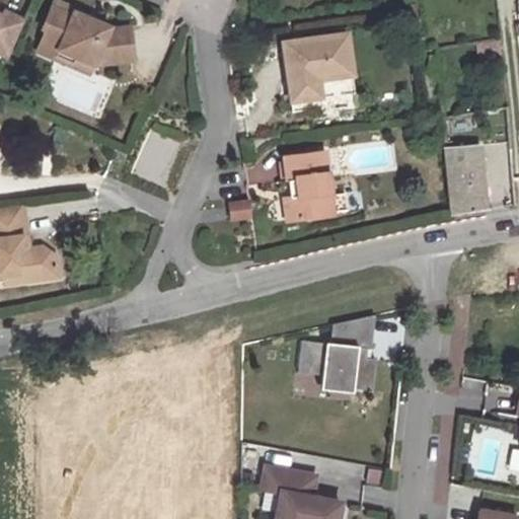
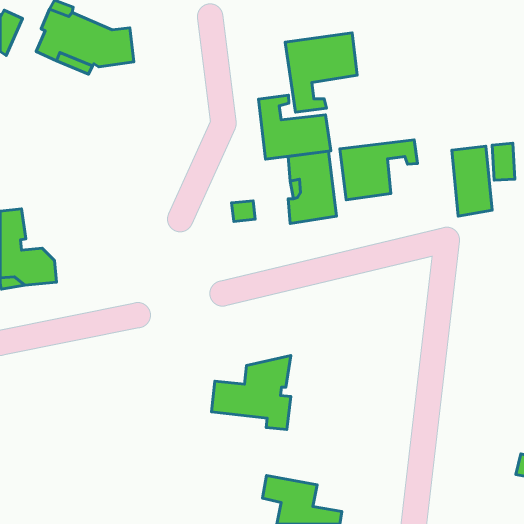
building: none -> [258,95,331,159]
building: none -> [340,140,417,200]
building: [297,319,375,392] -> [212,355,291,429]

